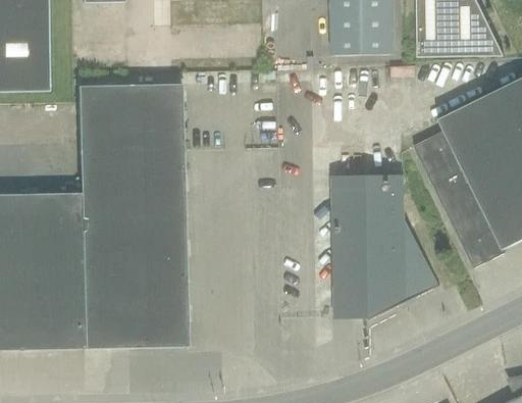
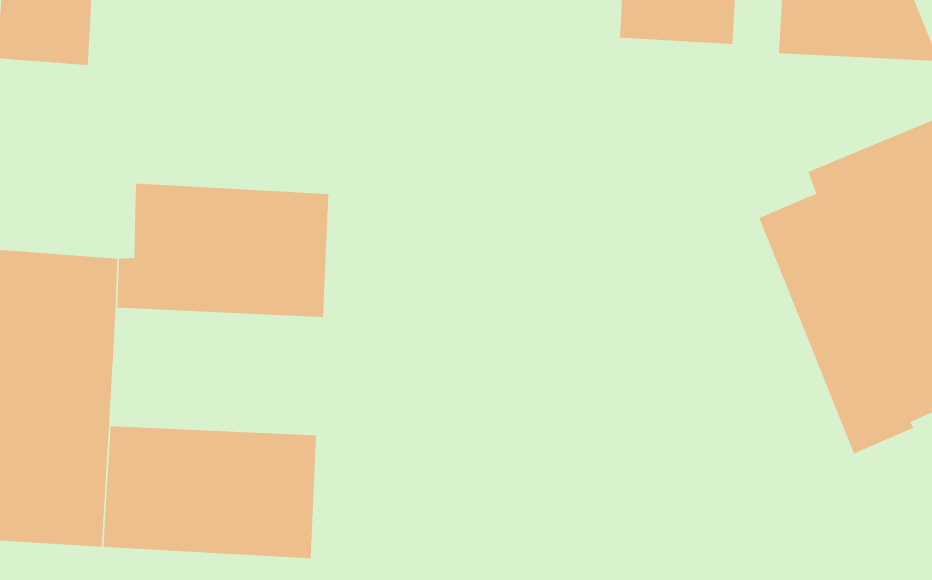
building: [79,84,184,152] -> none
building: [323,177,436,319] -> none
building: [74,216,187,283] -> none

